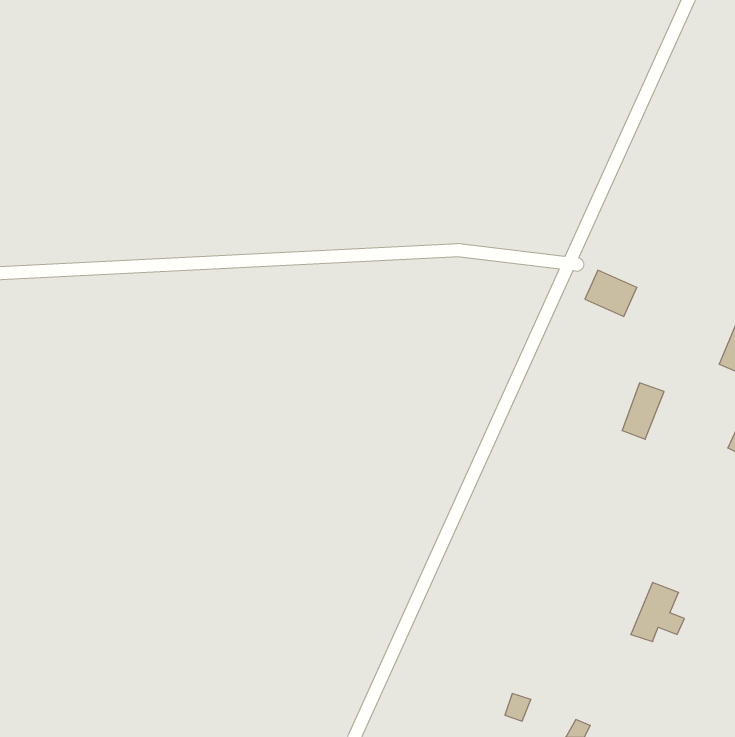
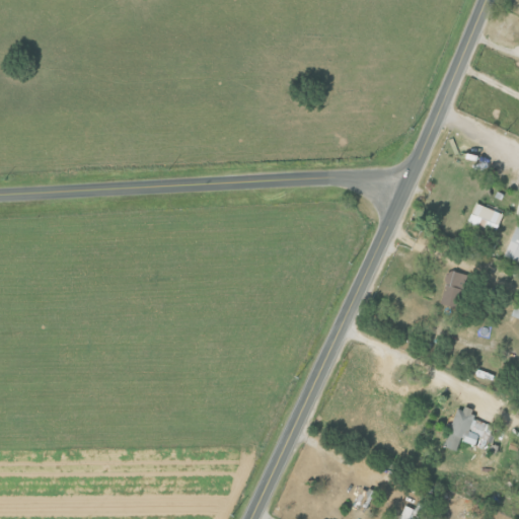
building: [585,270,637,316] -> [467,201,504,233]

